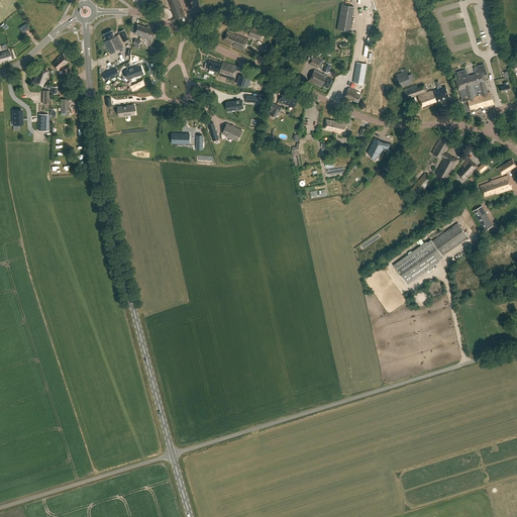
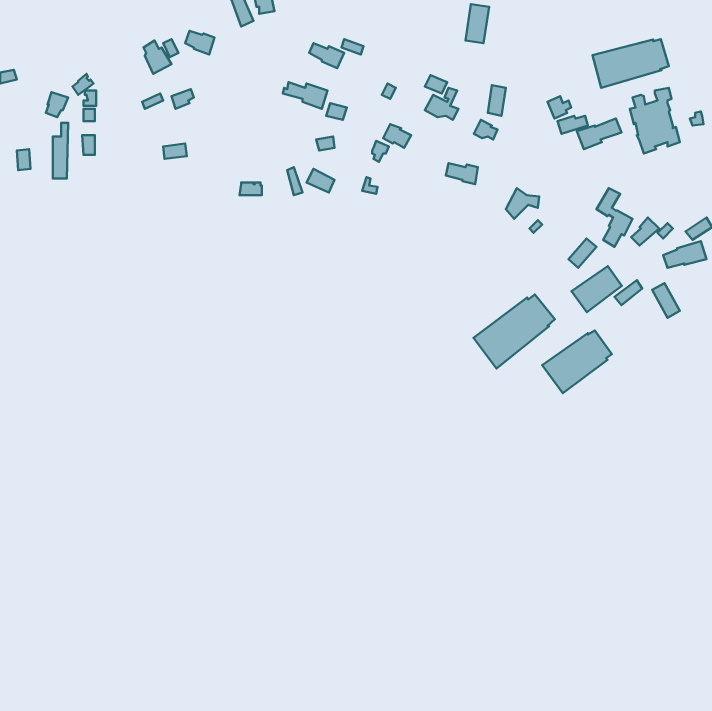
building: none -> [592,39,669,88]
building: none -> [473,294,555,368]
building: [432,222,469,255] -> [572,266,622,312]

